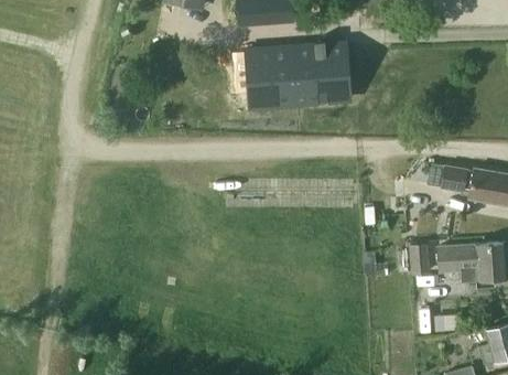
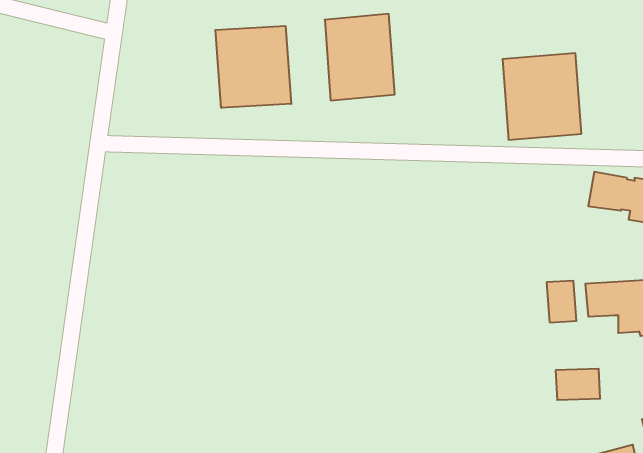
building: [292,42,350,106] -> [502,53,581,140]
building: none -> [215,26,291,108]

